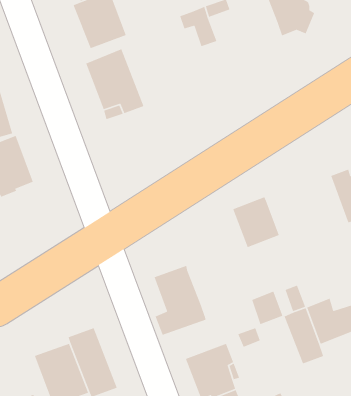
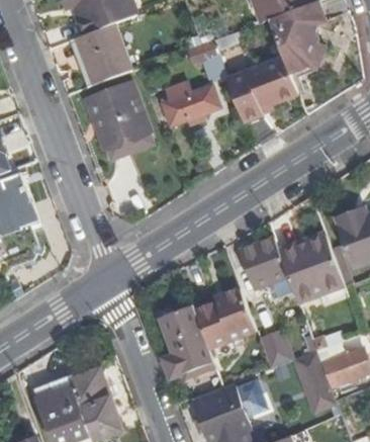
building: none -> [226,58,298,122]
building: none -> [160,81,219,128]
building: none -> [275,229,342,292]
building: none -> [194,288,255,348]

